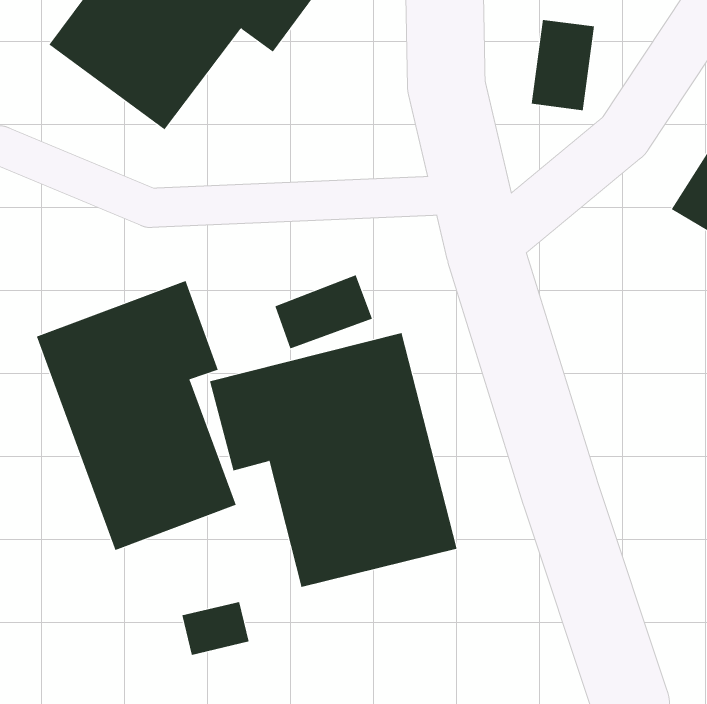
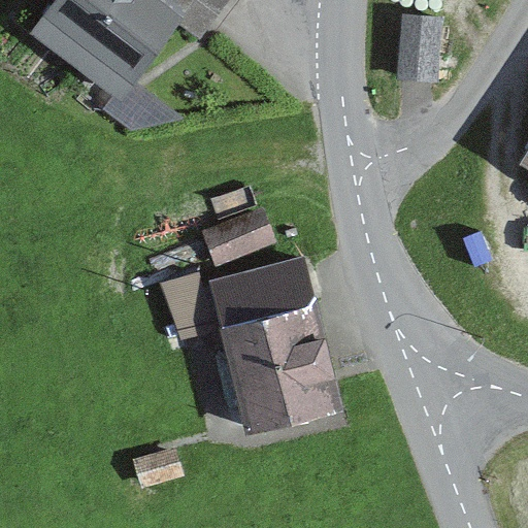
building: [36,280,236,551] -> none

